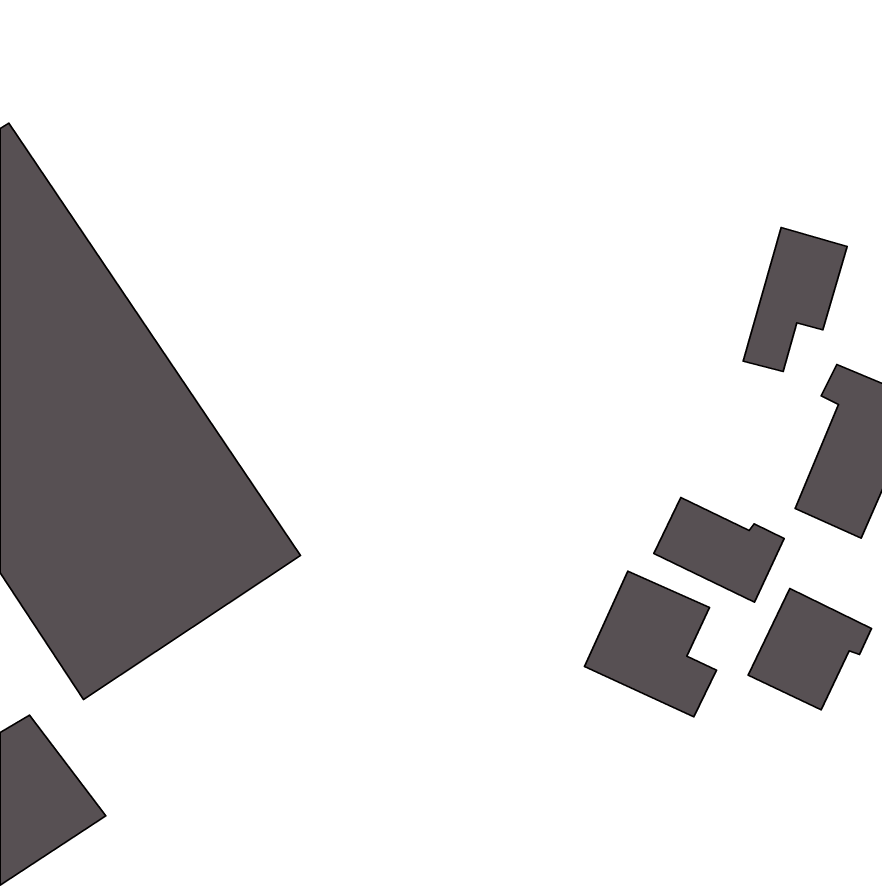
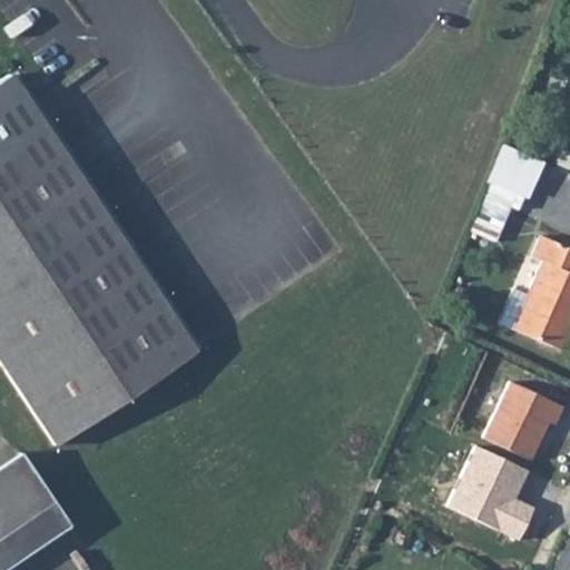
building: [654,497,784,602] -> none
building: [585,571,716,717] -> [449,444,533,538]

